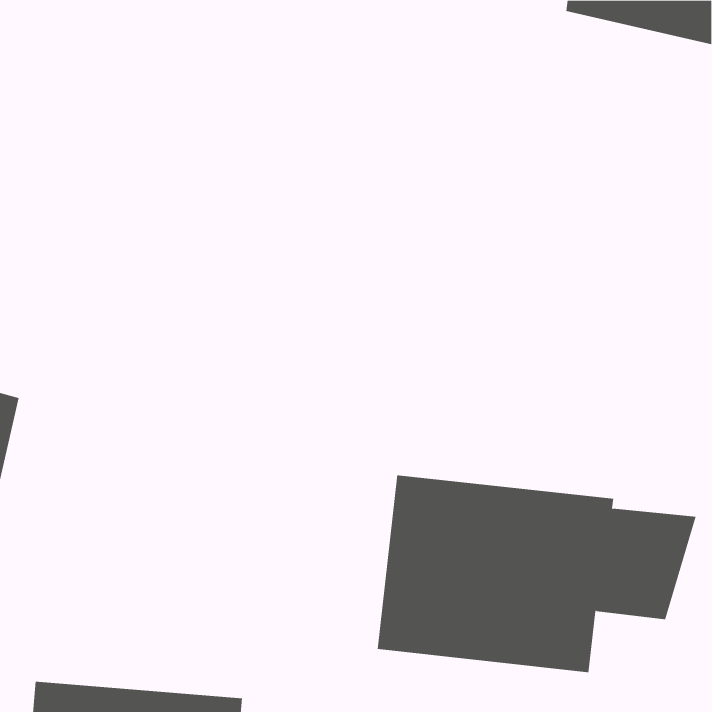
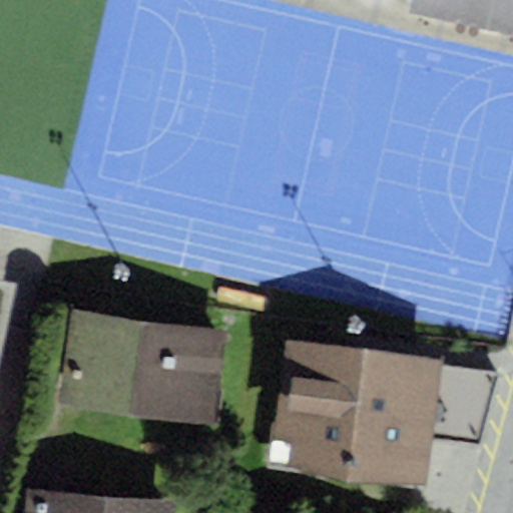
building: none -> [58,310,228,426]

